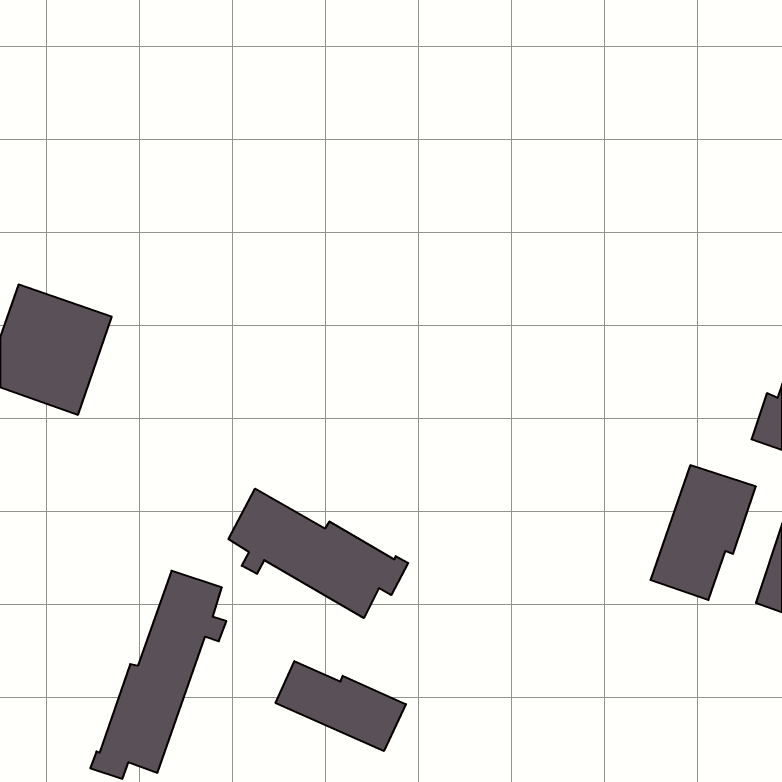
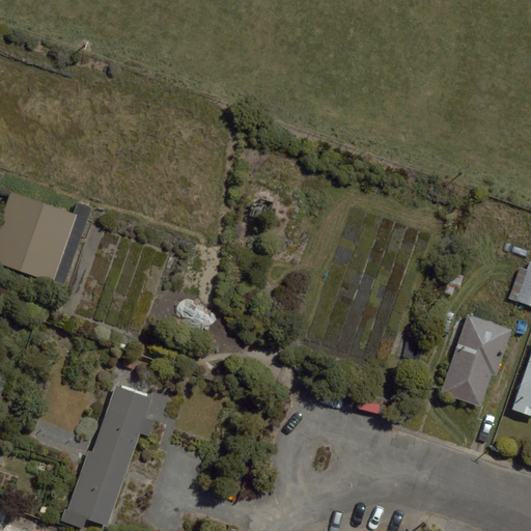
building: [228,489,408,618] -> none
building: [276,661,406,751] -> none

